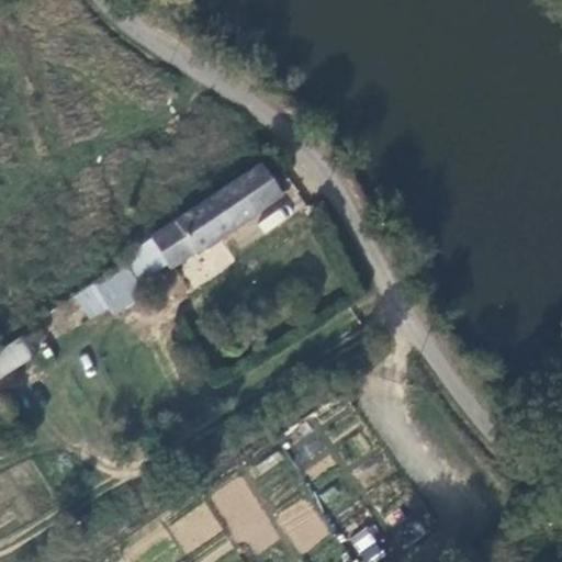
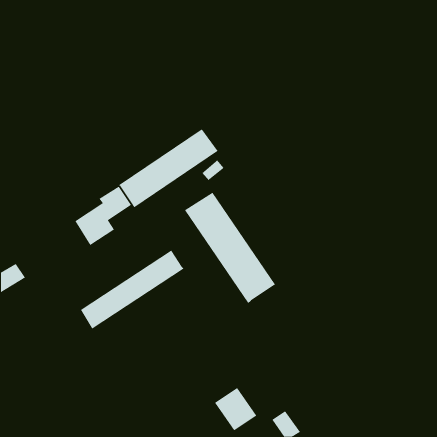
building: none -> [184,192,276,304]
building: none -> [80,250,185,330]

